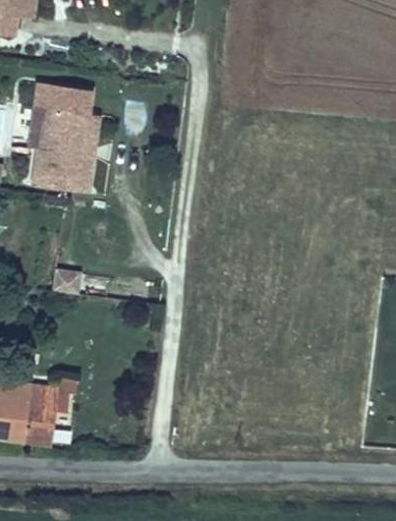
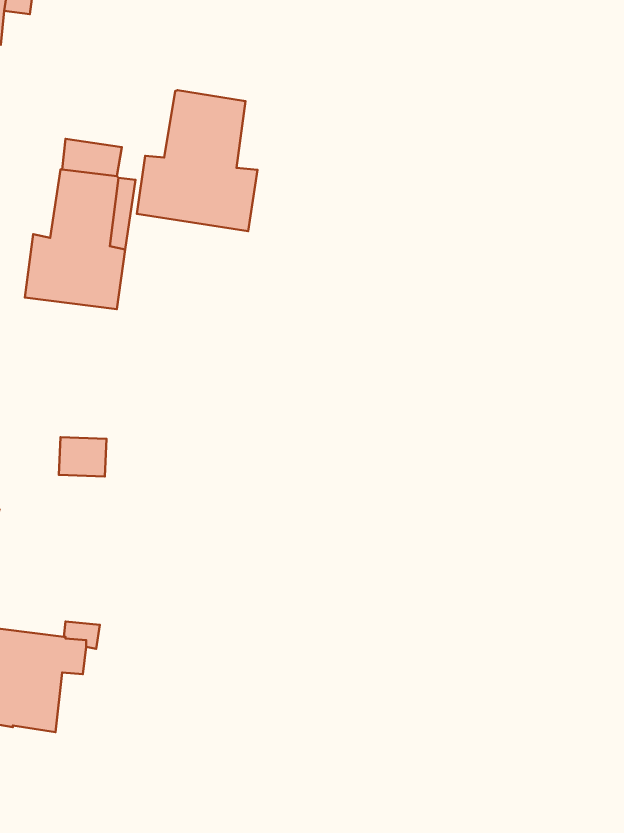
building: none -> [137,90,258,231]
building: [27,105,53,149] -> none

